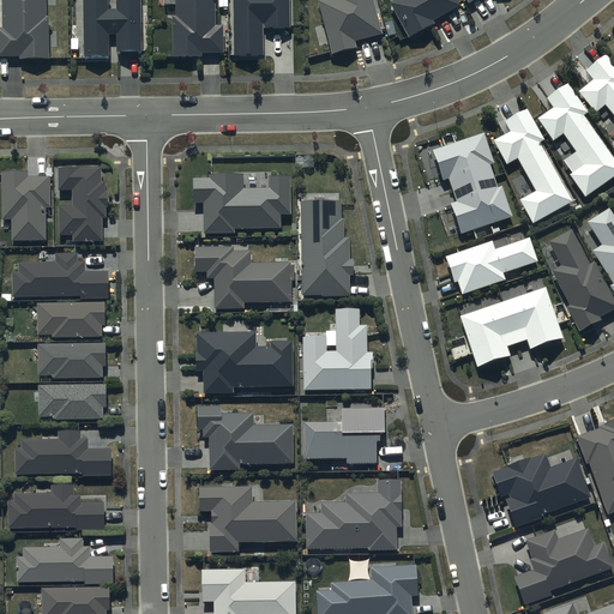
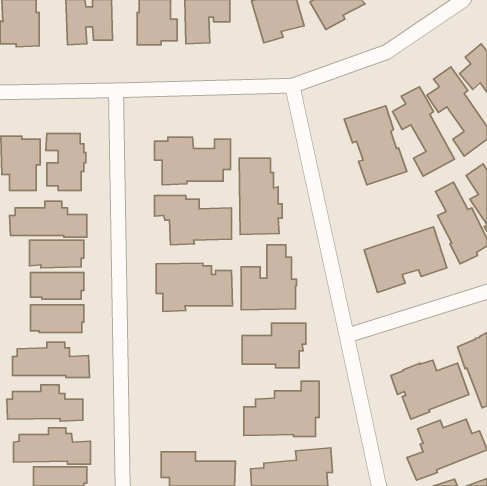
building: [445,236,537,294] -> none
building: [198,405,293,469] -> none
building: [199,486,296,552] -> none

